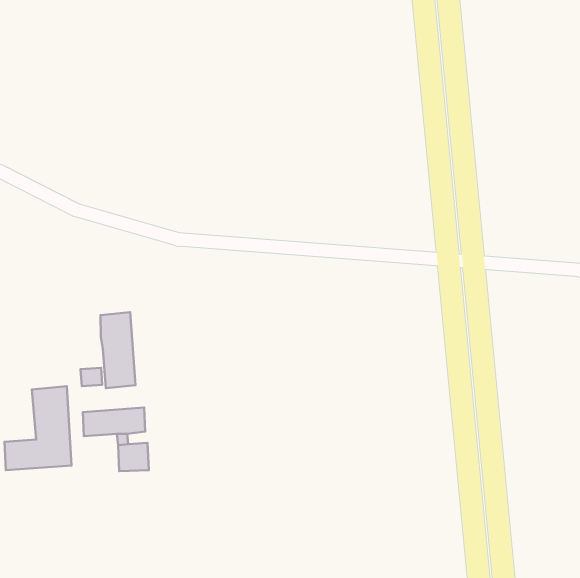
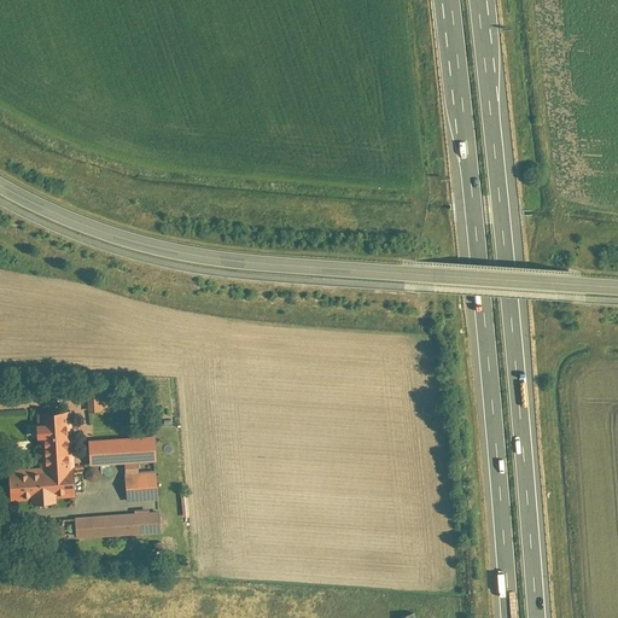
building: [100,312,135,388] -> none
building: none -> [81,512,161,540]

